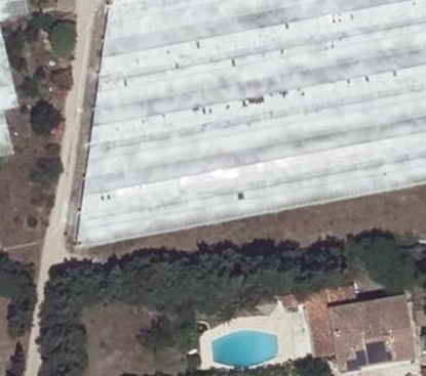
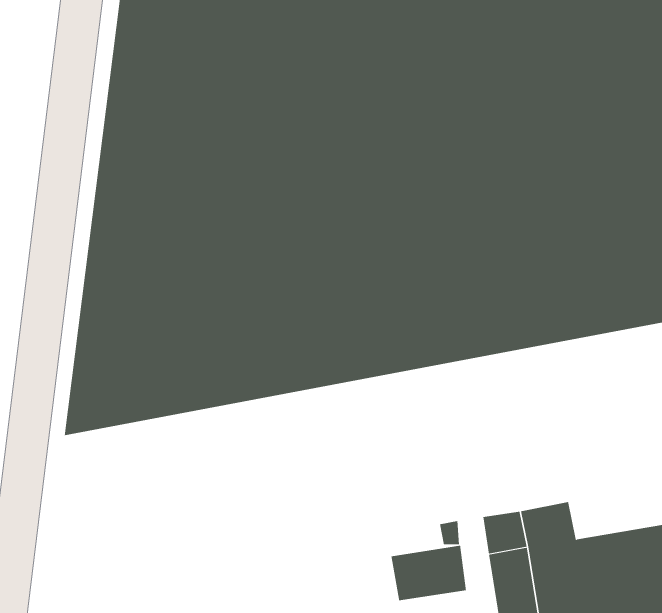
building: none -> [391,545,467,601]

